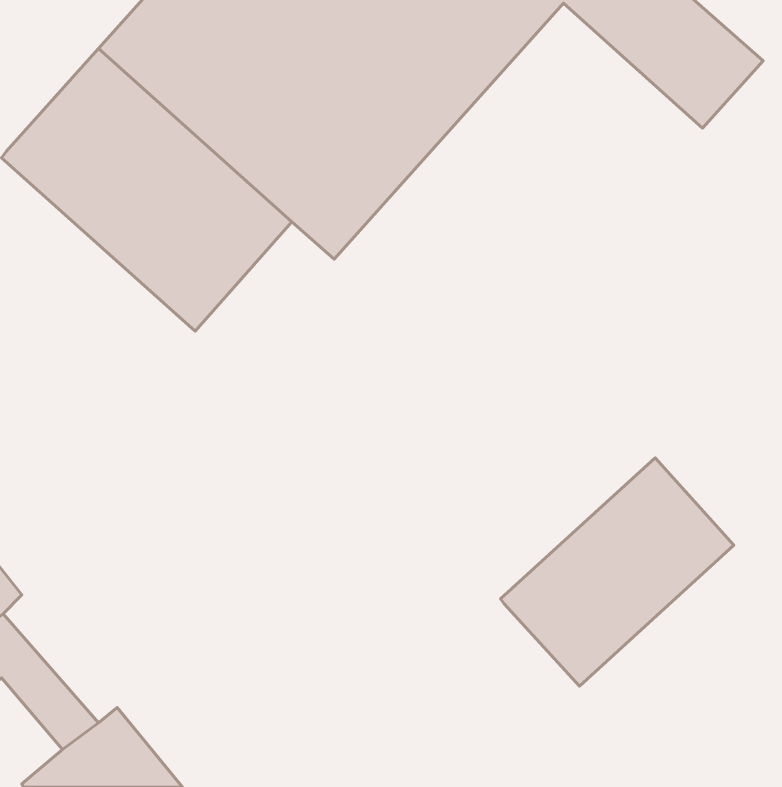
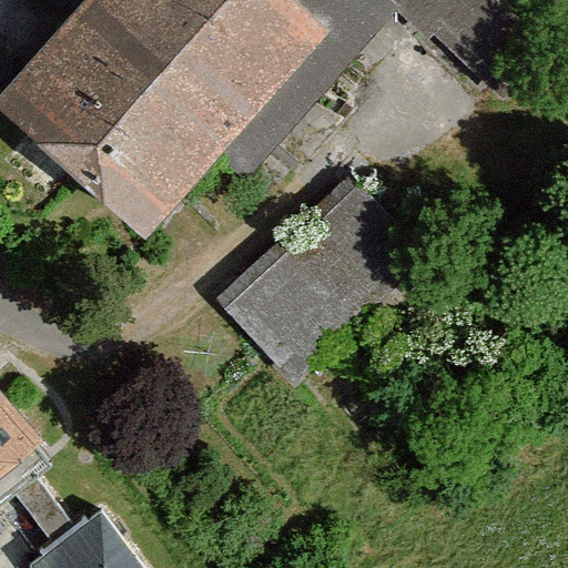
building: none -> [212,170,416,367]
building: [500,458,734,686] -> none

